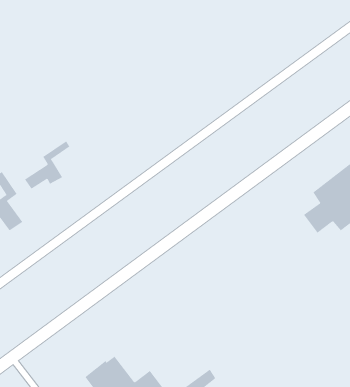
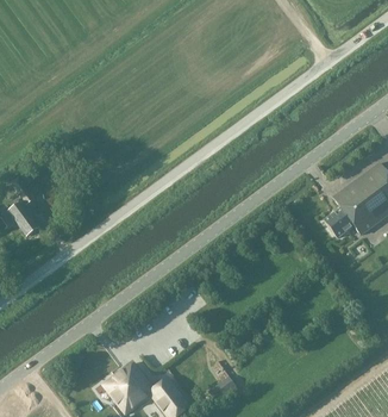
building: [24,140,70,190] -> none

